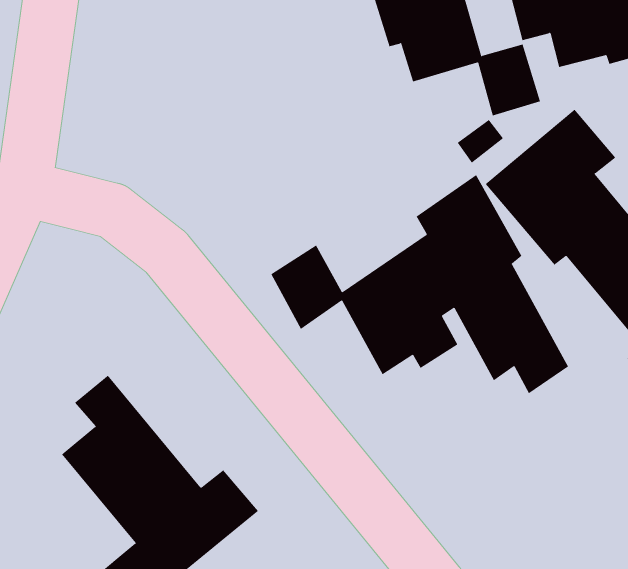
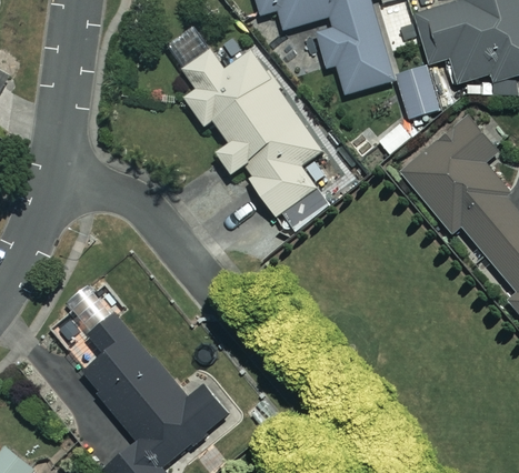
building: none -> [182,44,321,231]
building: [270,174,569,394] -> none

